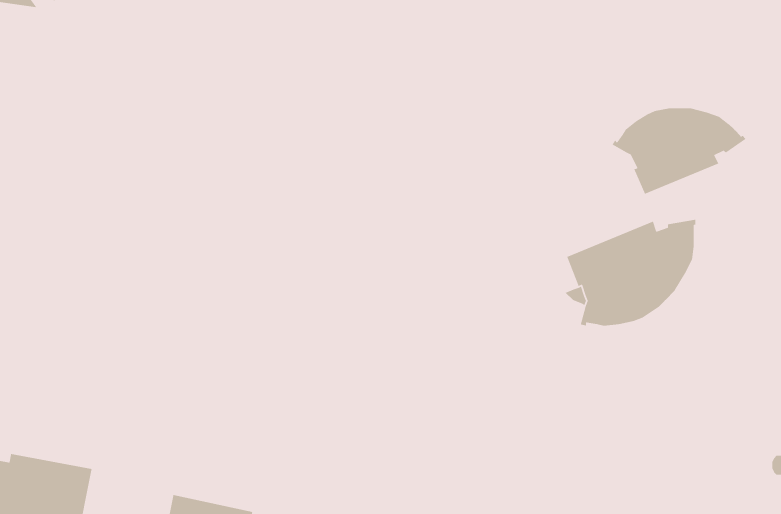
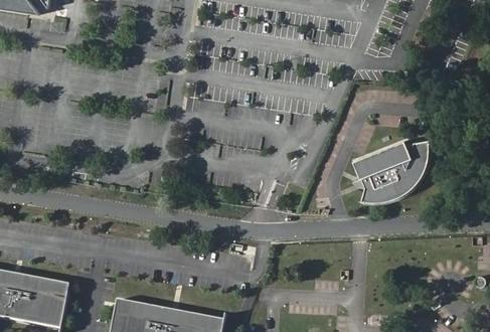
building: [612,108,746,195] -> none

